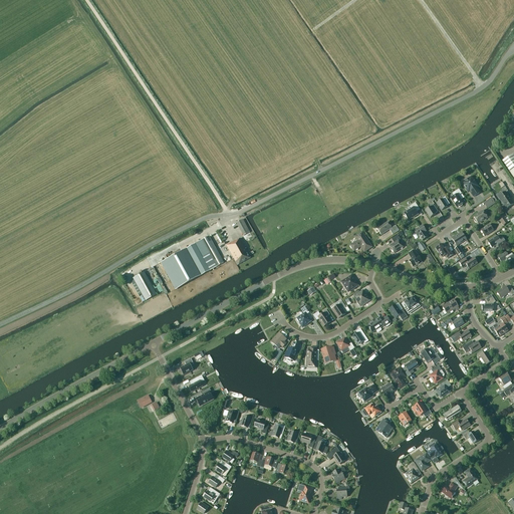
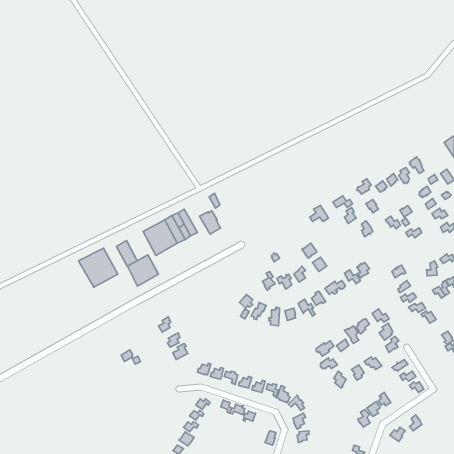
building: none -> [79,248,118,287]
building: none -> [127,255,159,286]

